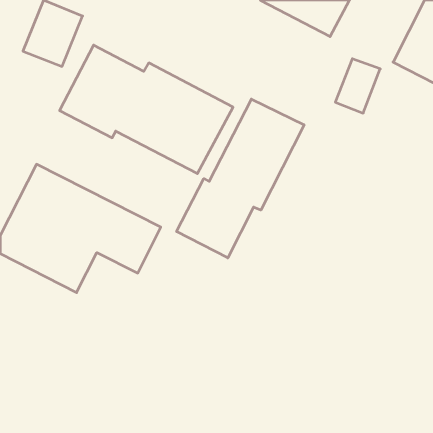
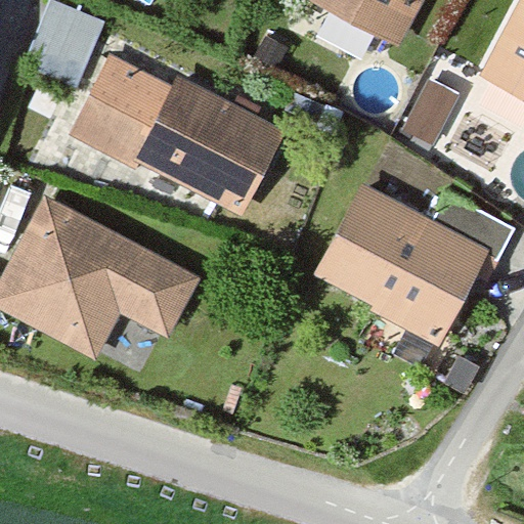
building: [177,99,304,258] -> none
building: none -> [318,186,510,342]

